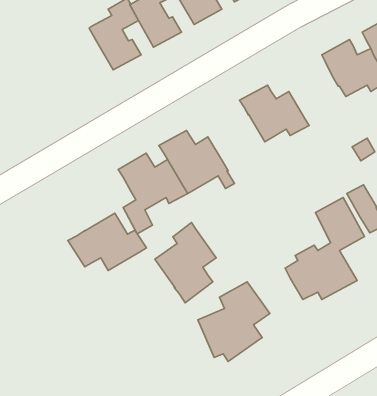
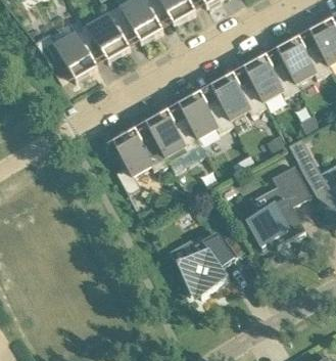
building: none -> [36,20,98,79]
building: none -> [243,53,299,99]
building: none -> [178,90,234,141]
building: [68,213,146,270] -> none
building: [155,222,216,303] -> none

